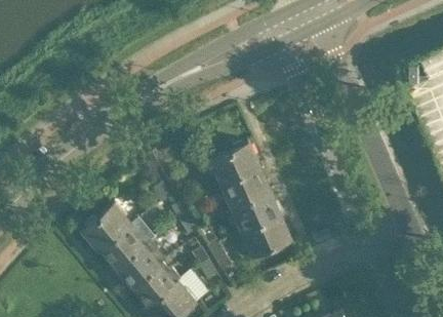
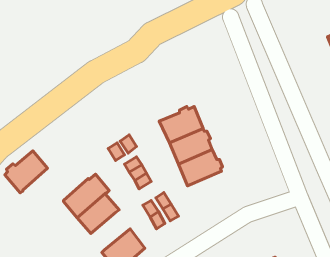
building: [83,204,131,251] -> [5,151,48,193]
building: [243,215,291,255] -> none
building: [134,262,182,304] -> none

